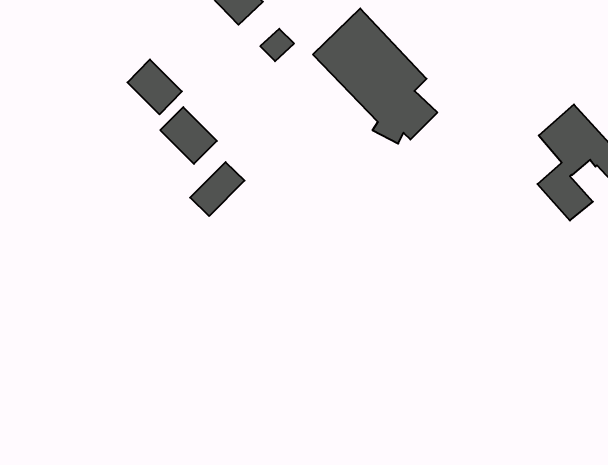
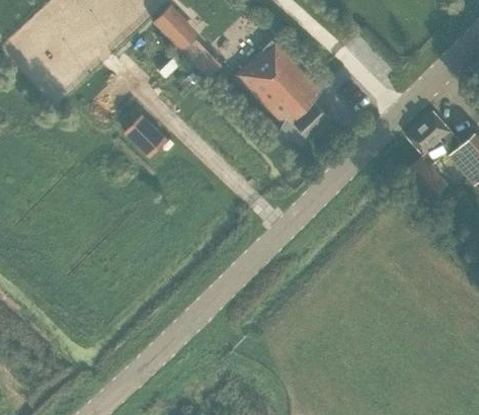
building: [127,59,182,114] -> none
building: [190,162,245,216] -> none

